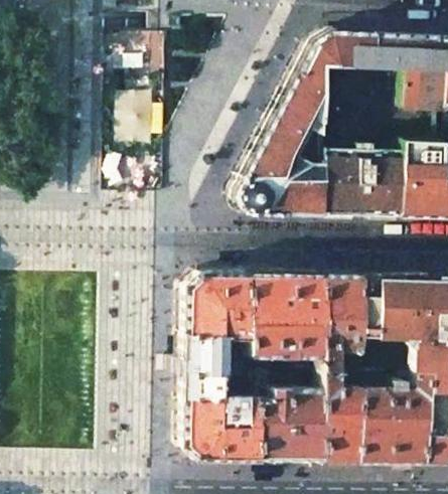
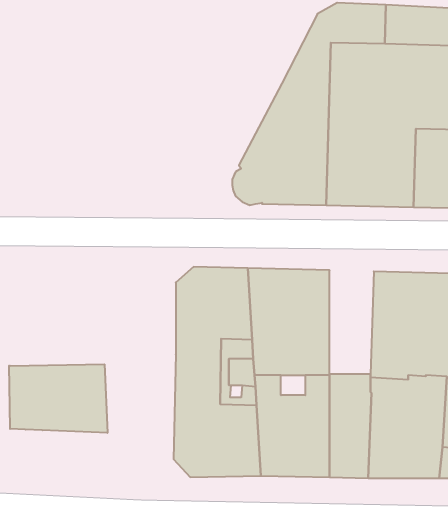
building: [327,276,367,370] -> none
building: none -> [9,364,107,433]

